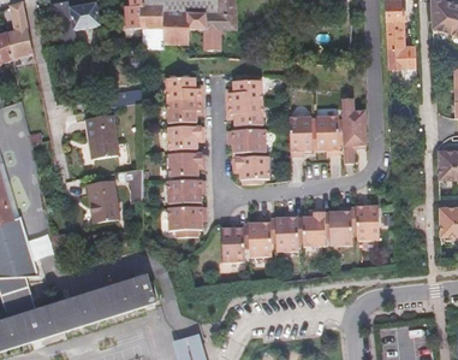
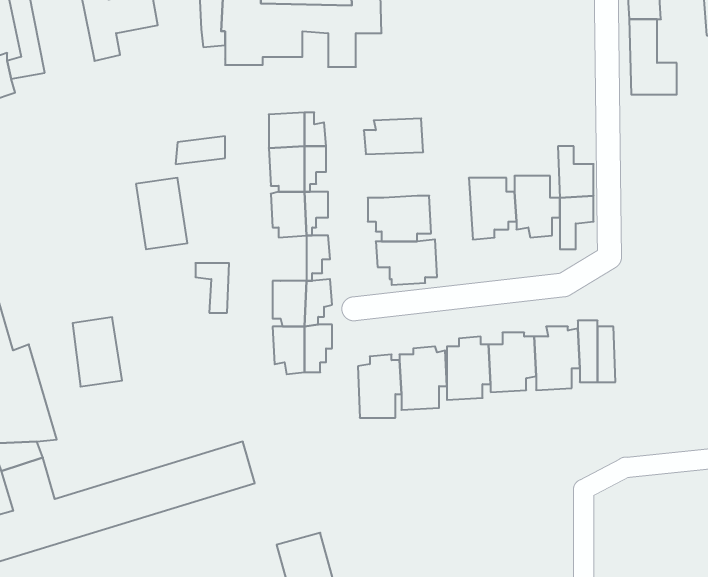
building: [226,101,262,129] -> none
building: [168,152,190,179] -> none
building: [90,183,120,225] -> [73,317,122,387]

